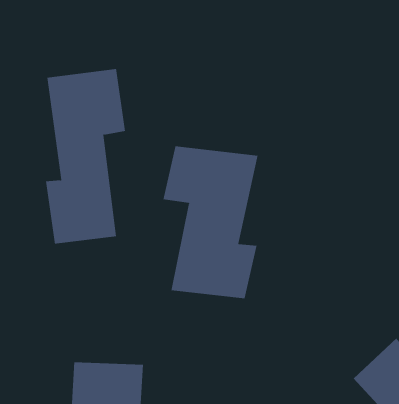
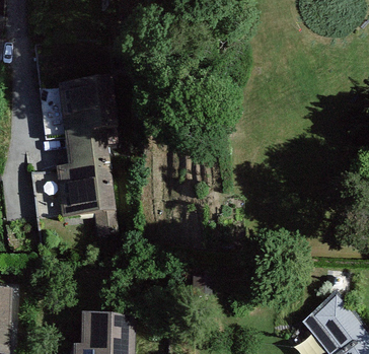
building: [163,146,258,299] -> none

